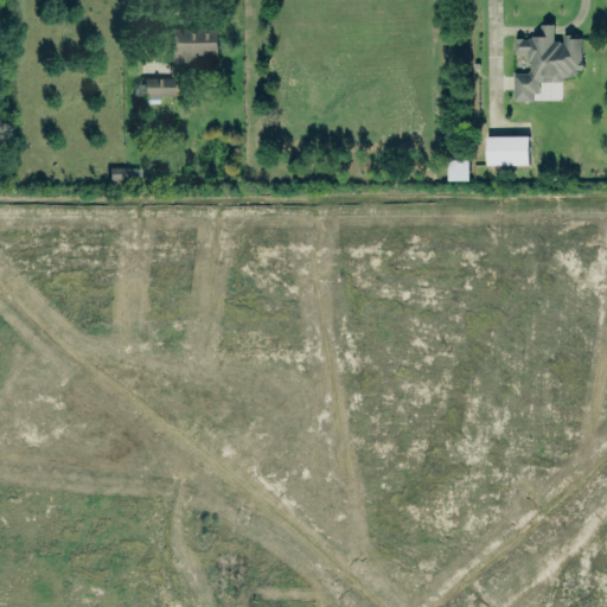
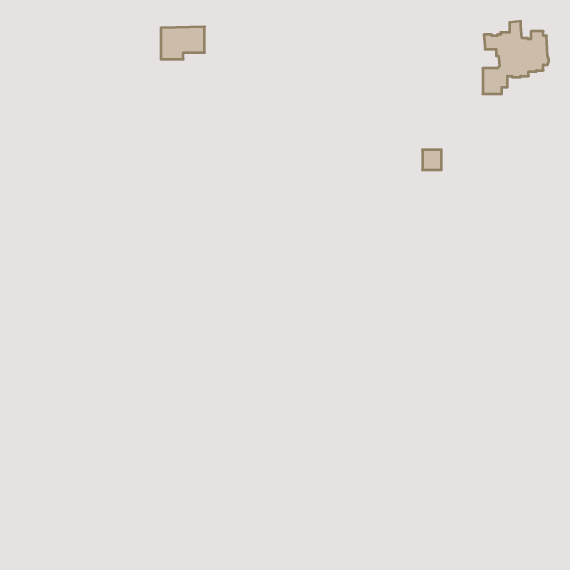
building: [142,79,173,101] -> none
building: [487,136,530,166] -> none

